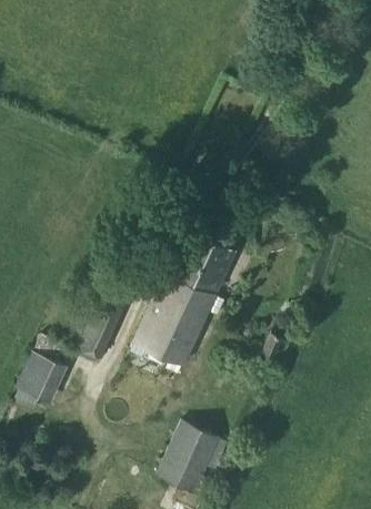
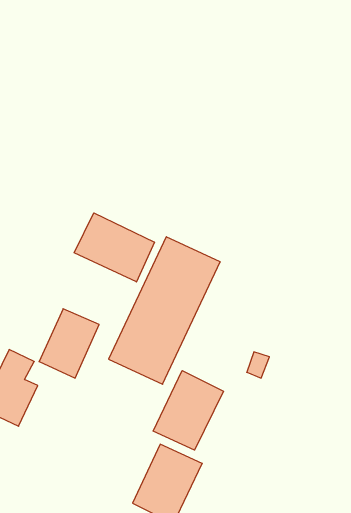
building: none -> [74,213,154,282]
building: none -> [153,371,223,450]

